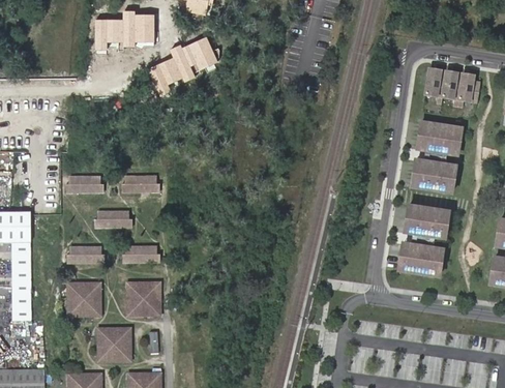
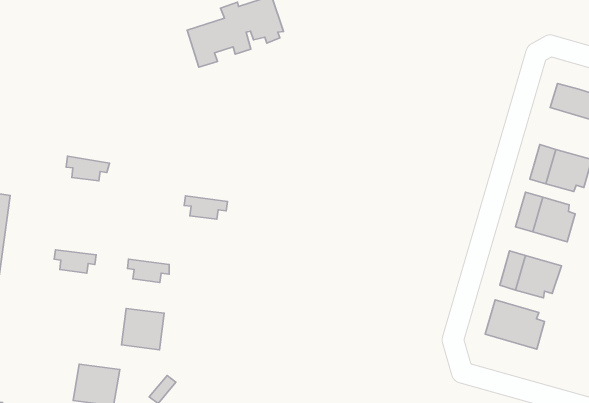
building: [124,176,156,190] -> [184,196,228,219]
building: [98,211,130,226] -> none
building: [67,283,97,314] -> none

